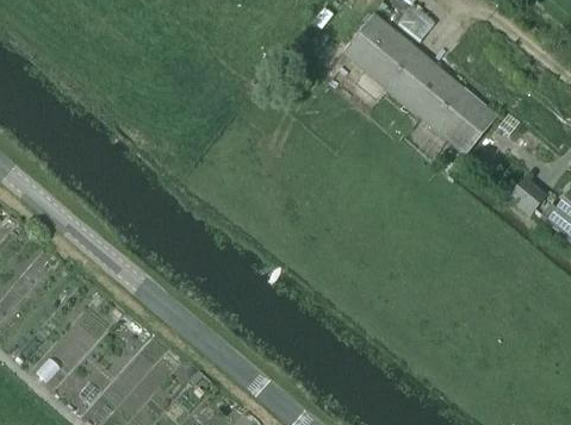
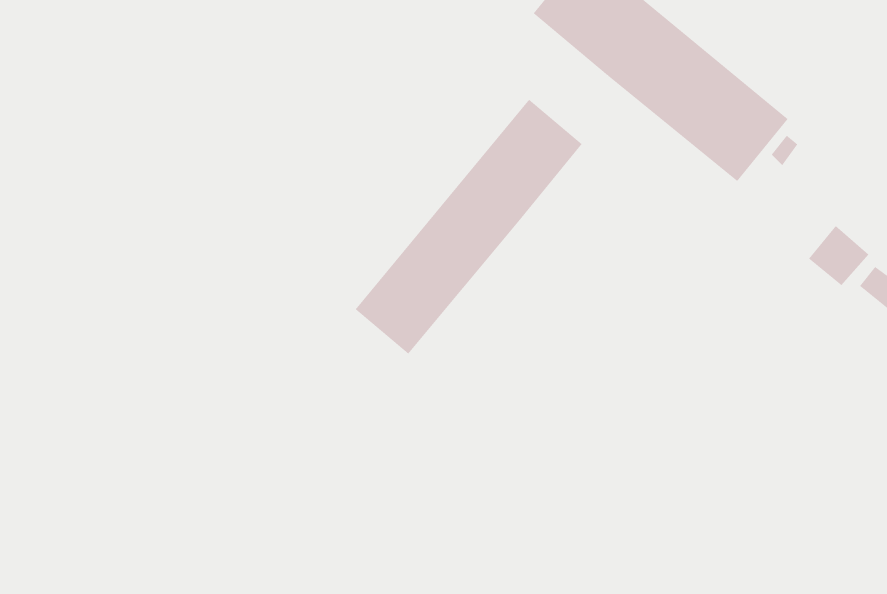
building: none -> [355,99,582,354]

